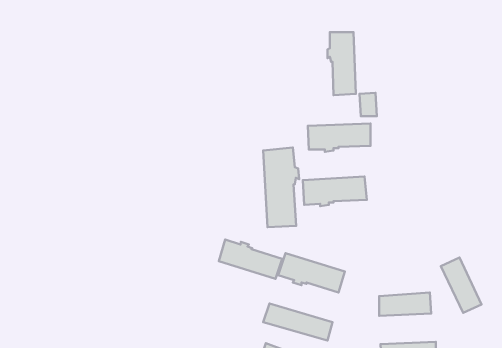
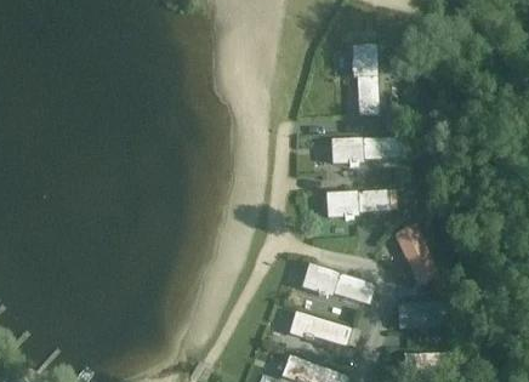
building: [263,147,299,227] -> none
building: [219,239,282,279] -> none
building: [441,257,482,313] -> [396,227,436,281]

